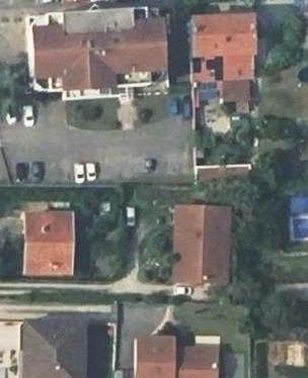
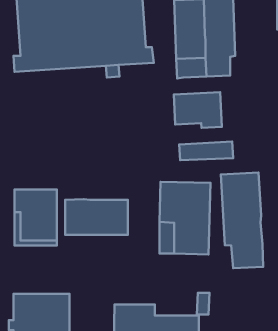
building: none -> [174,92,222,128]
building: none -> [221,172,263,268]
building: none -> [65,199,128,235]

